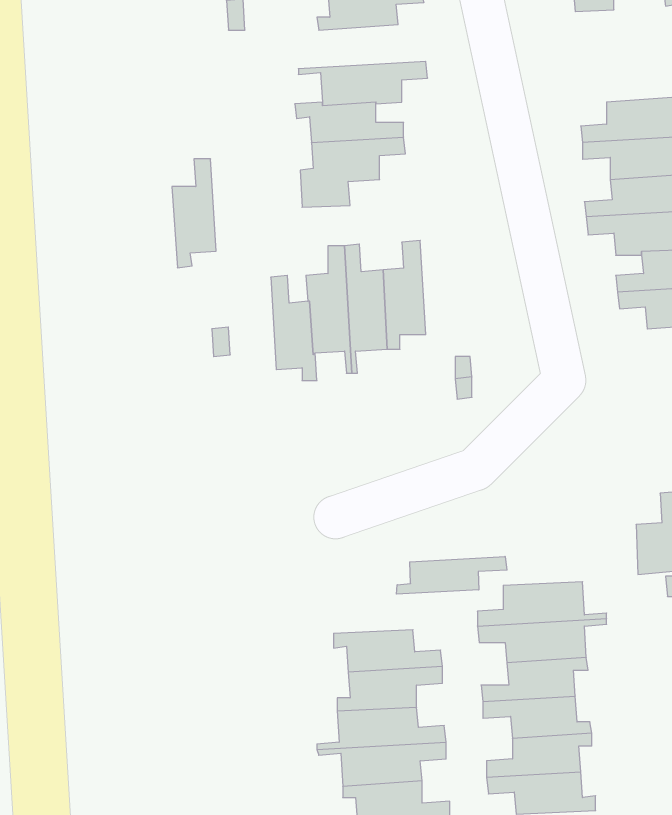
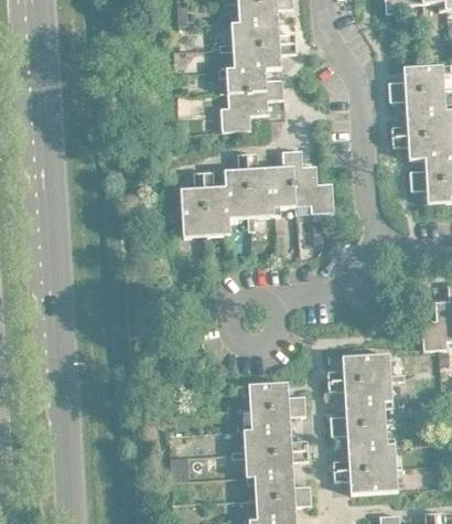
building: none -> [219,22,295,49]
building: [172,159,216,268] -> [180,173,206,238]
building: none -> [292,151,334,214]
building: [397,556,507,594] -> none

